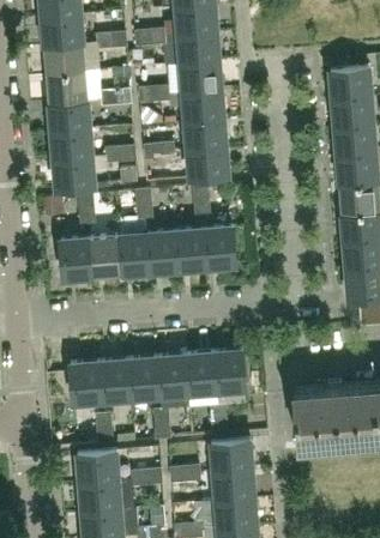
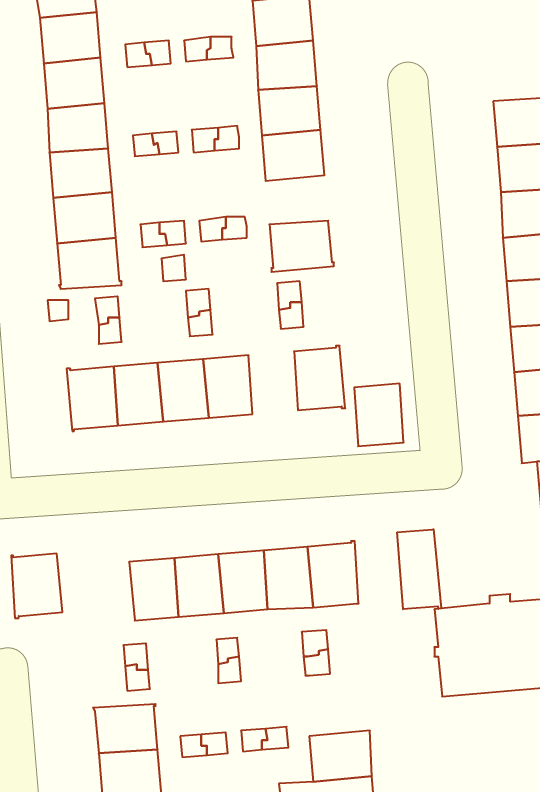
building: [186,116,225,147] -> none
building: [175,228,206,267] -> [354,384,404,446]
building: none -> [397,529,441,609]
building: [71,361,103,401] -> [11,554,62,618]
building: [211,439,252,471] -> none

